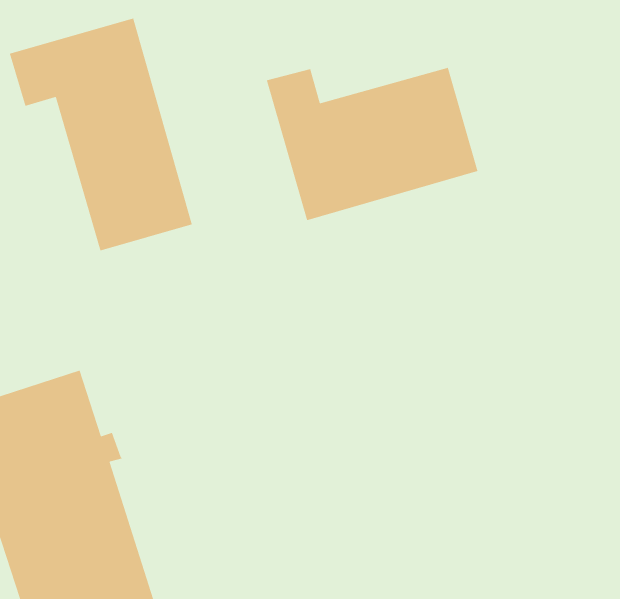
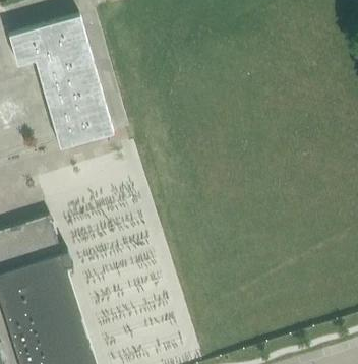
building: [266,67,478,221] -> none

